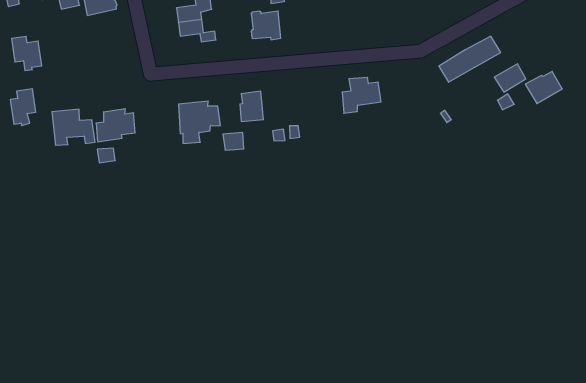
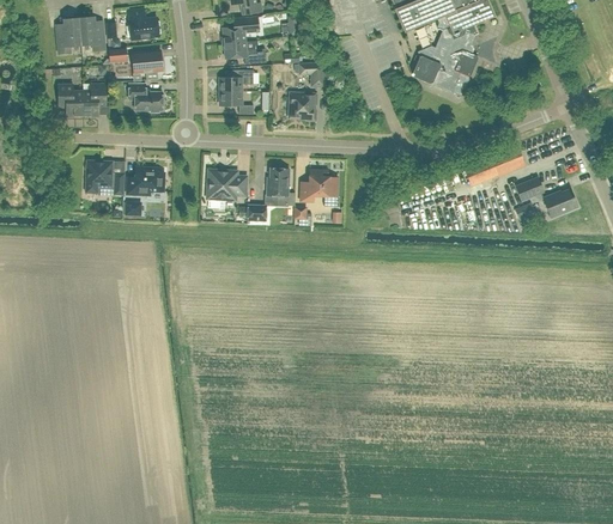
building: none -> [128,84,162,112]
building: [342,77,381,113] -> [299,170,336,202]
building: [10,89,36,126] -> [83,84,105,117]

